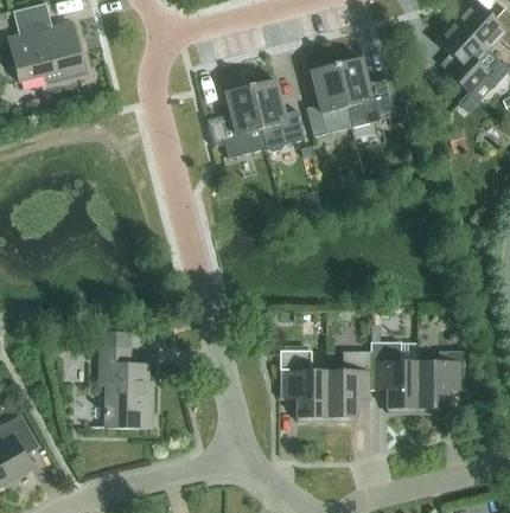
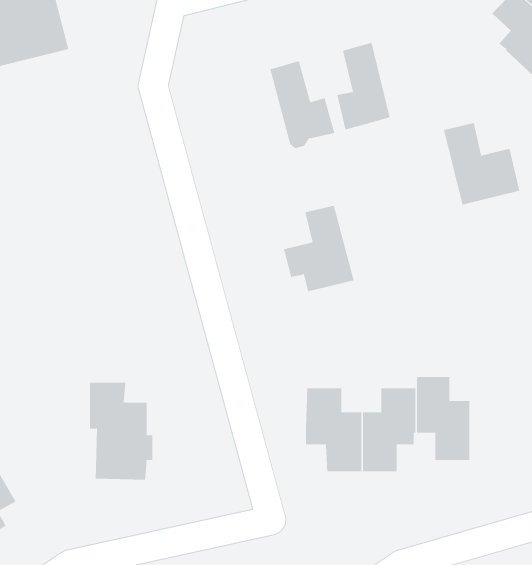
building: [336,58,400,127] -> [443,123,520,205]
building: [208,86,267,159] -> [283,205,354,292]
building: [417,352,464,413] -> none

